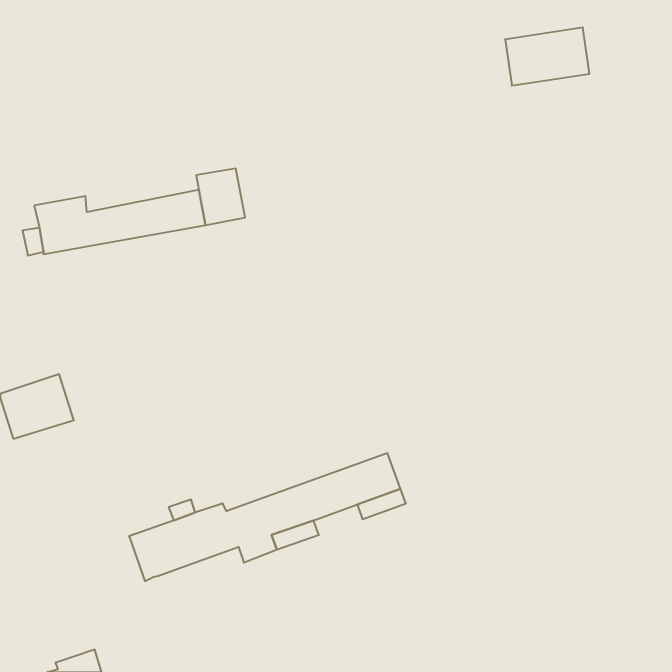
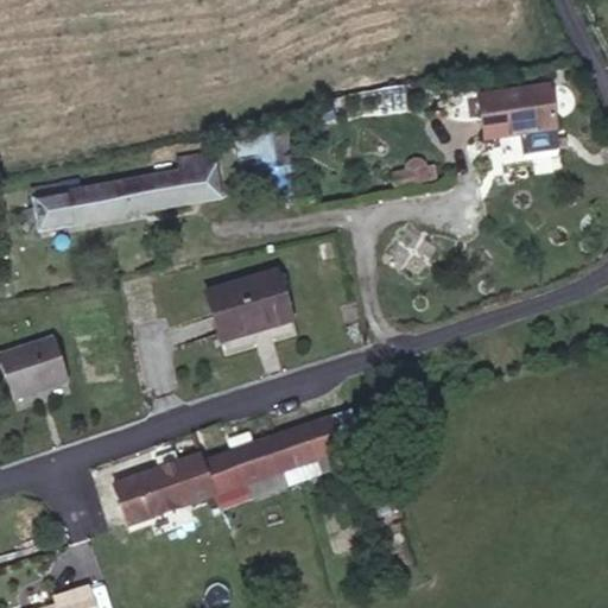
building: [505,28,589,86] -> [480,86,556,138]
building: none -> [207,271,292,337]

